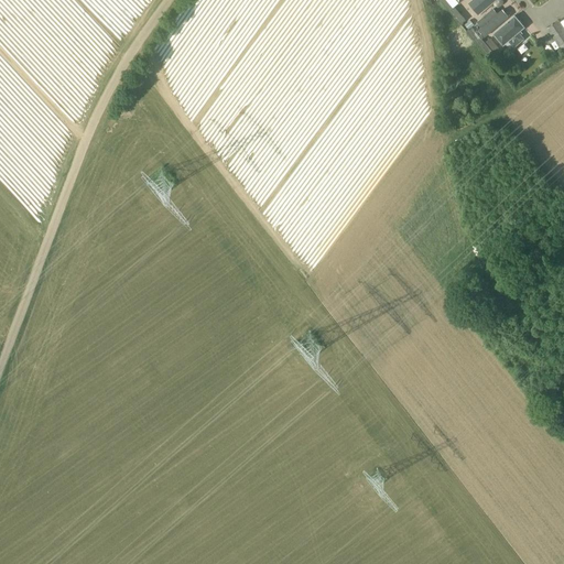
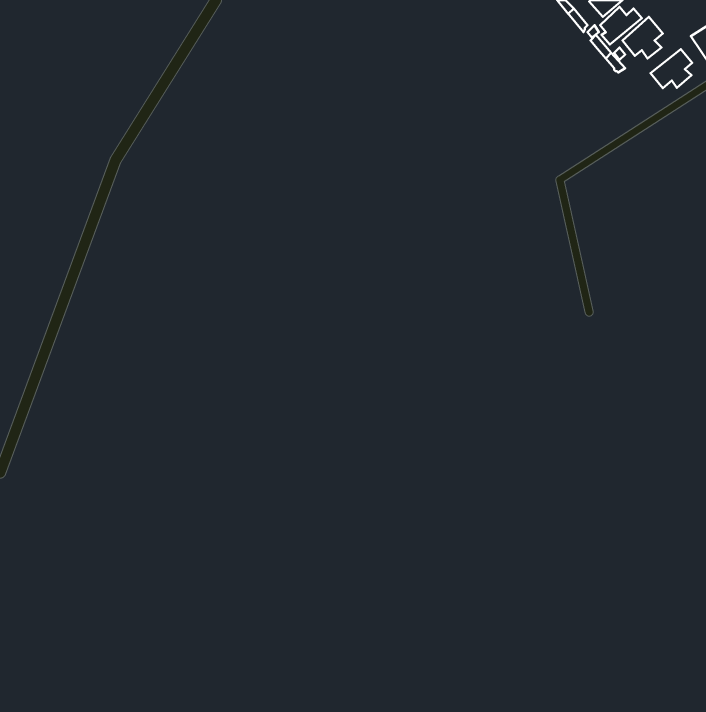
building: none -> [650,49,692,88]

